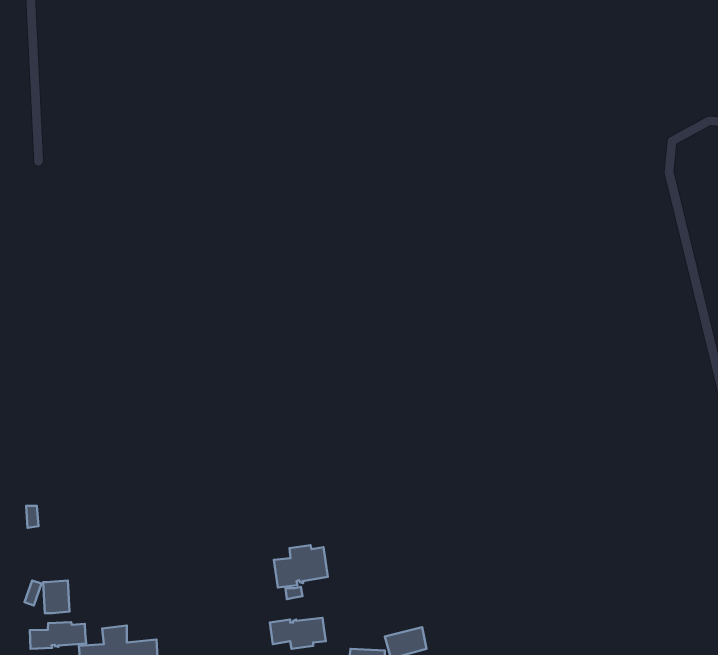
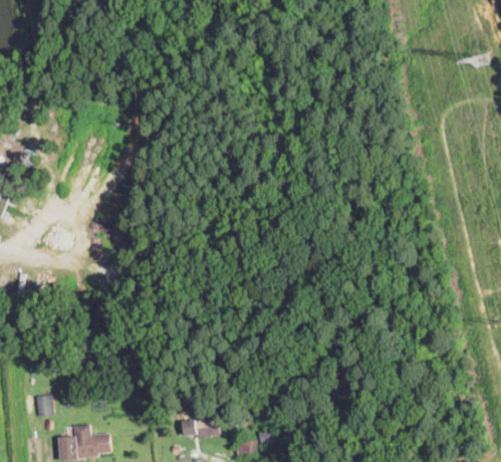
building: [274,545,328,588] -> none
building: [30,622,86,649] -> none

